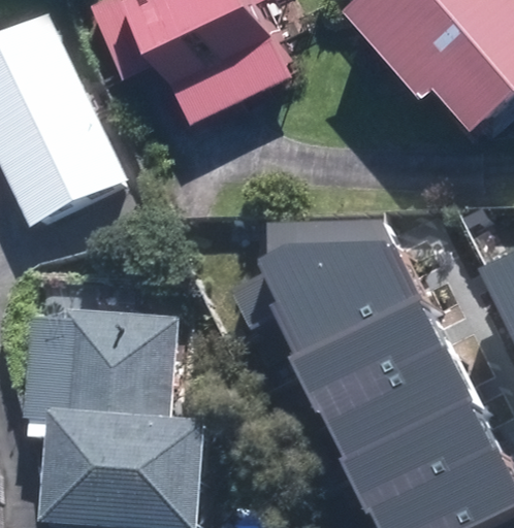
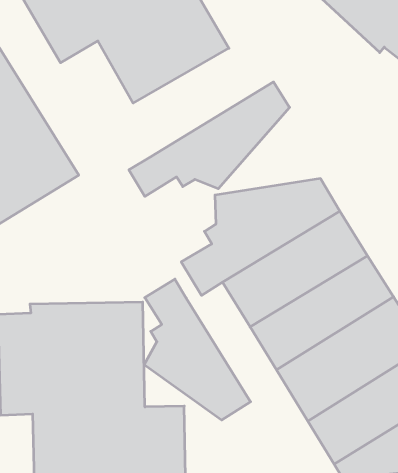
building: none -> [129,82,290,196]
building: none -> [144,279,251,420]

